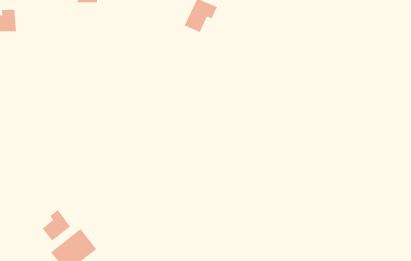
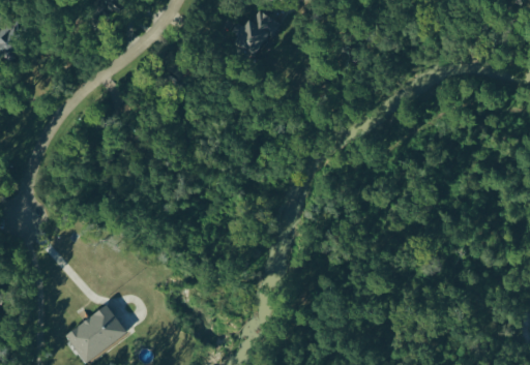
building: [42,209,71,242] -> none

